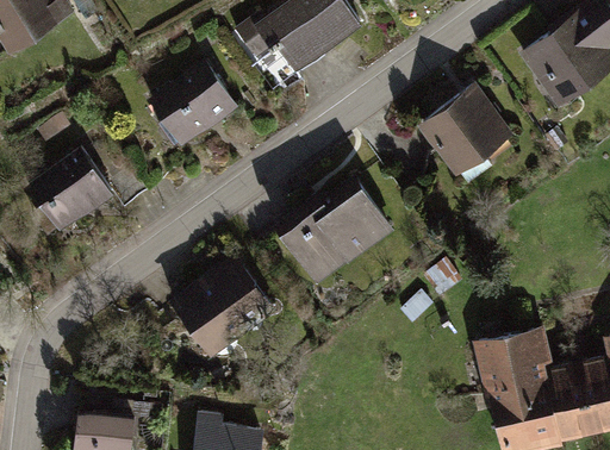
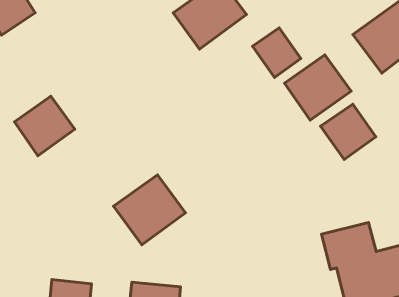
building: none -> [253,28,301,78]
building: [150,61,239,146] -> none
building: none -> [321,104,376,160]
building: [281,176,397,283] -> none

